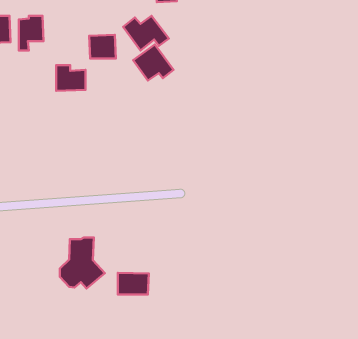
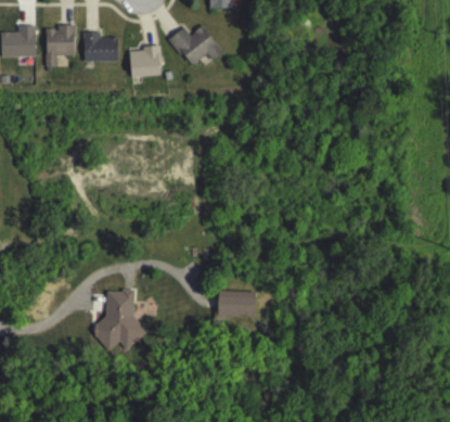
building: [133,44,173,81] -> none
building: [56,65,86,91] -> [83,31,118,62]
building: [118,273,149,295] -> [218,291,255,317]

